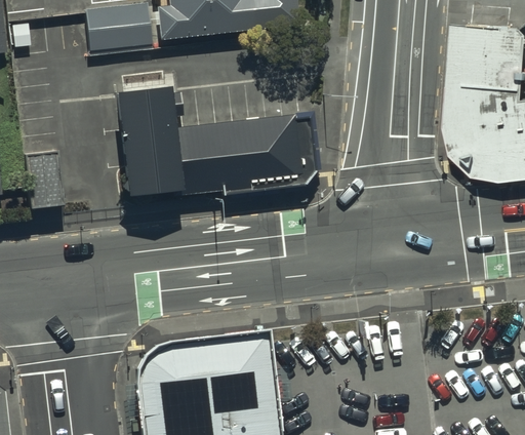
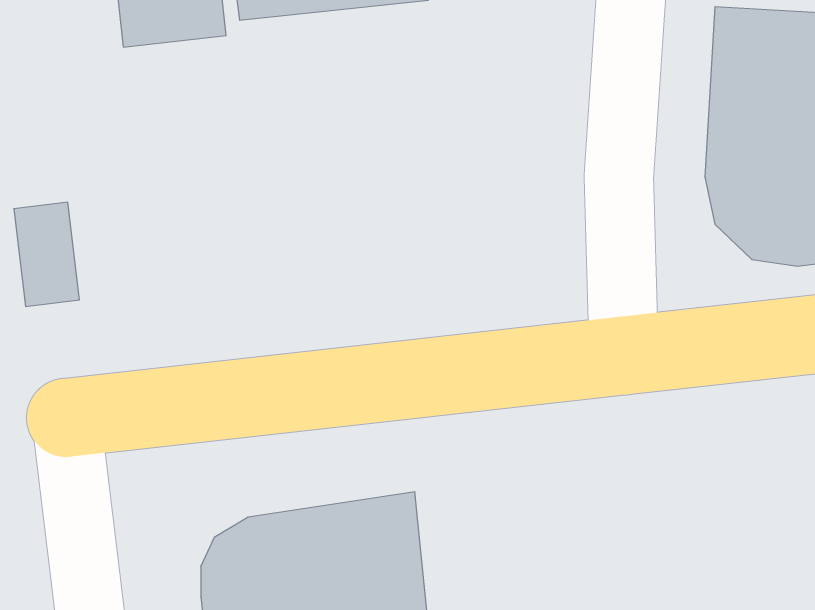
building: [118,86,301,204] -> none

